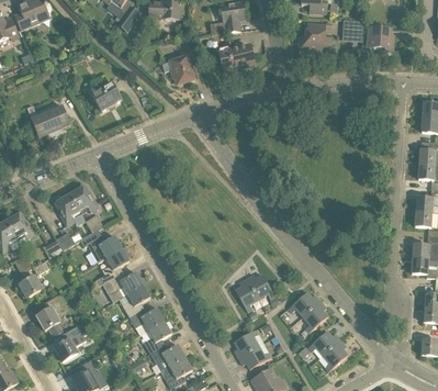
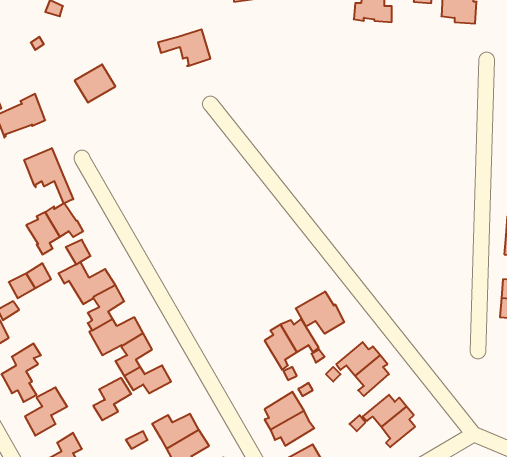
building: [218,45,252,69] -> none
building: none -> [24,148,73,204]
building: none -> [296,291,344,334]
building: [143,320,171,351] -> [93,378,131,420]

